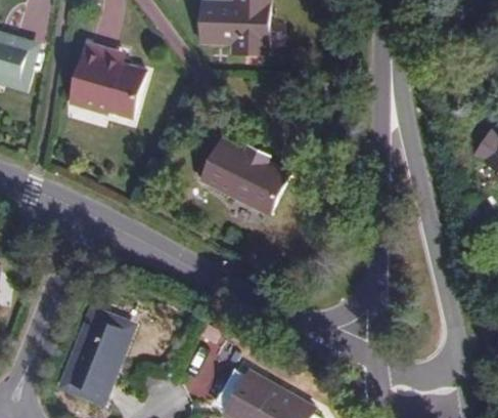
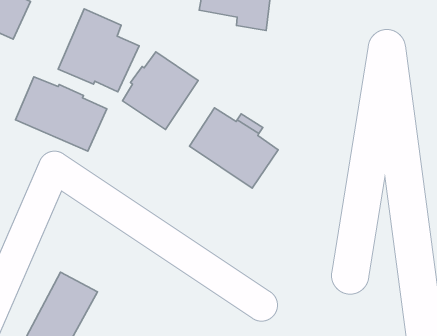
building: none -> [122,52,198,129]
building: none -> [15,77,107,151]

